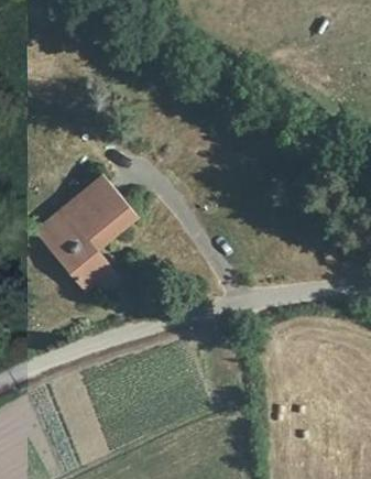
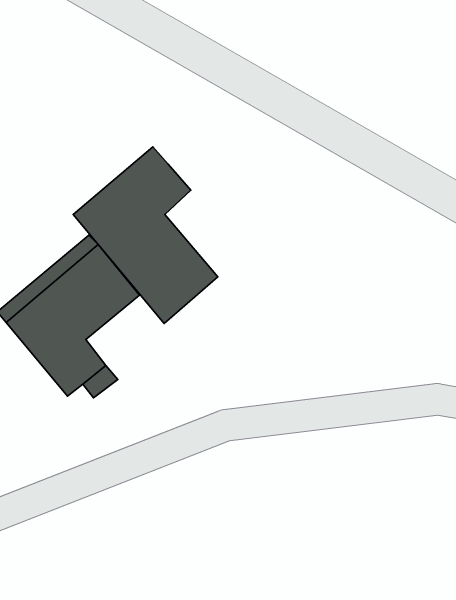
building: none -> [73,147,218,324]

